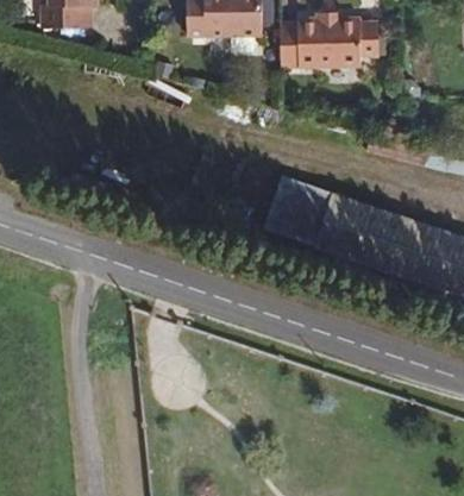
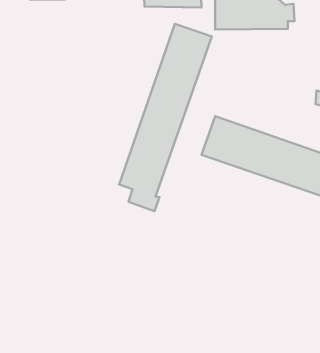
building: none -> [119,24,212,211]

